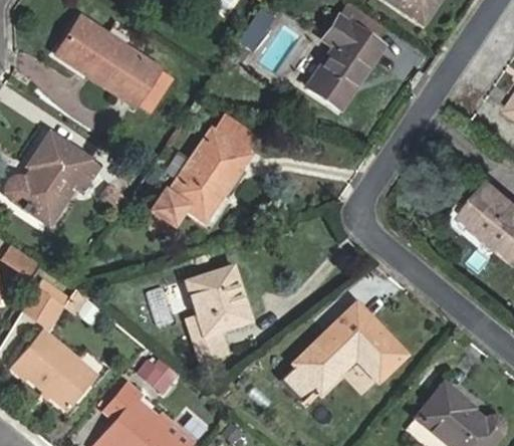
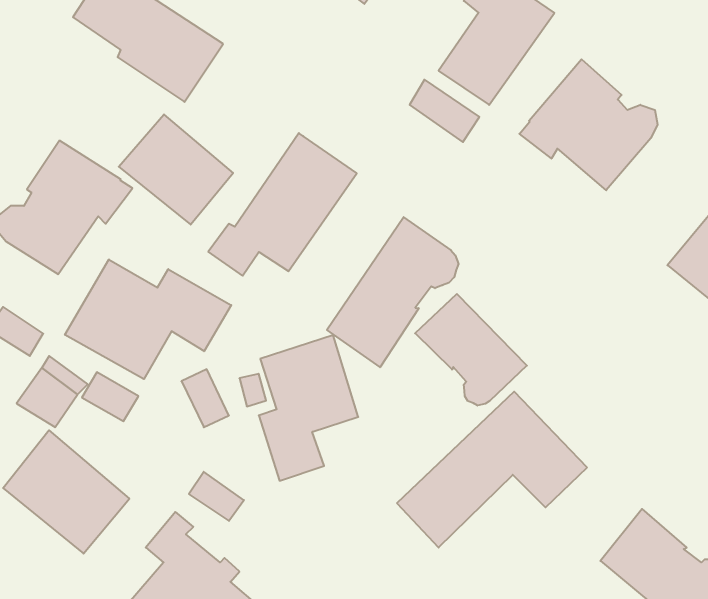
building: none -> [519,59,658,190]
building: [215,113,262,155] -> [410,80,479,142]
building: none -> [119,114,233,225]
building: none -> [327,217,458,367]
building: none -> [65,259,231,379]
building: none -> [415,294,527,406]

